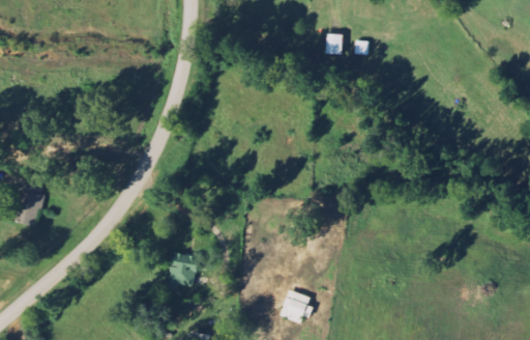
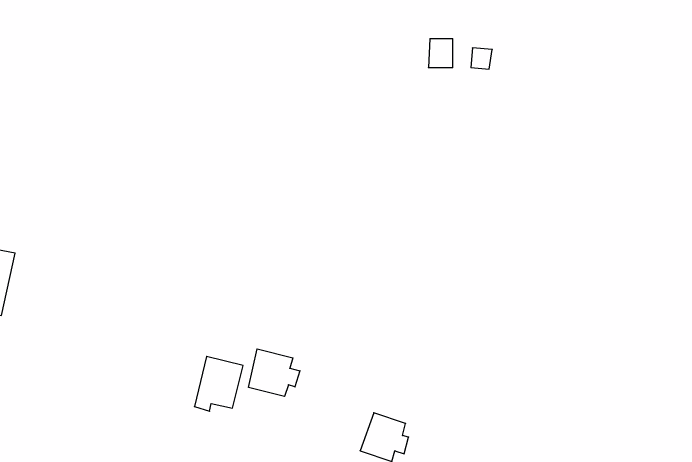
building: none -> [249,349,300,396]

